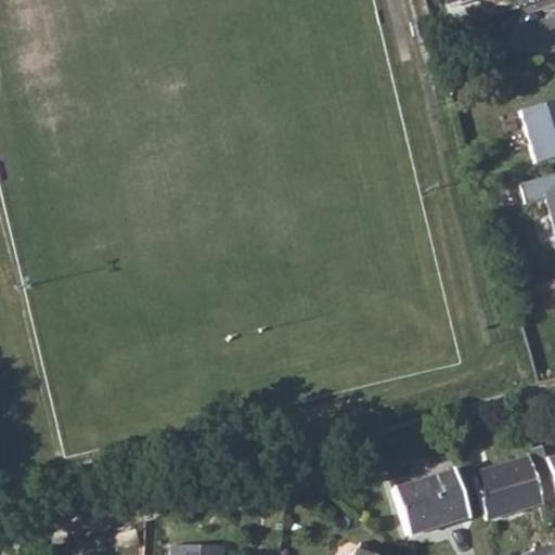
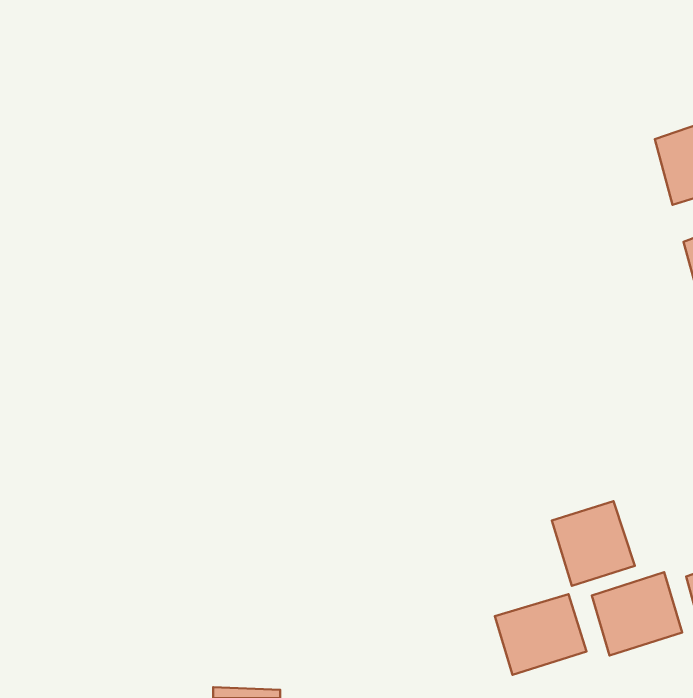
building: none -> [552,501,635,586]

